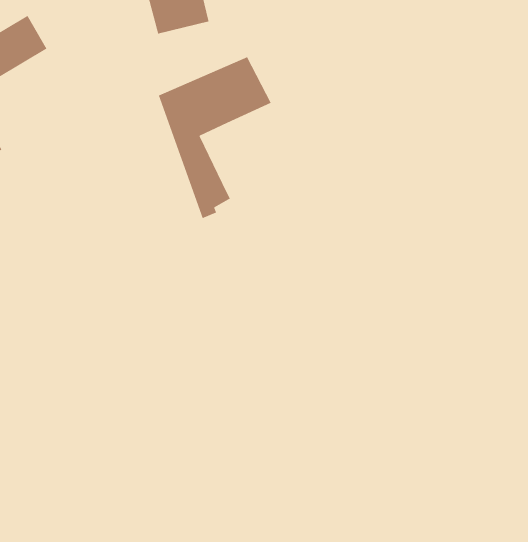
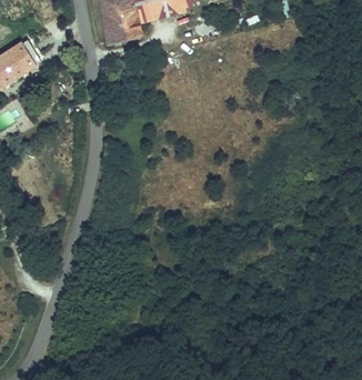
building: [158,56,272,219] -> none

